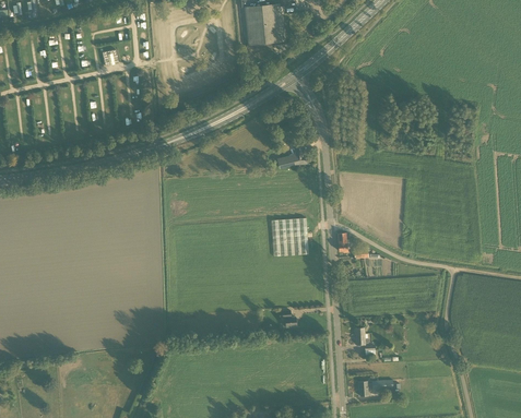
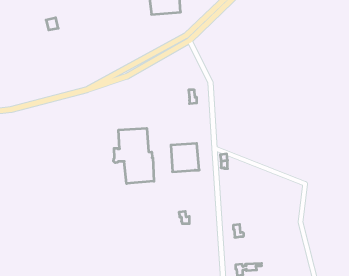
building: none -> [113,128,154,184]

